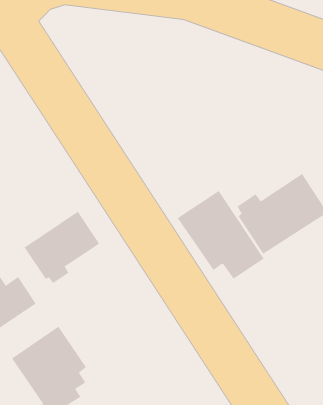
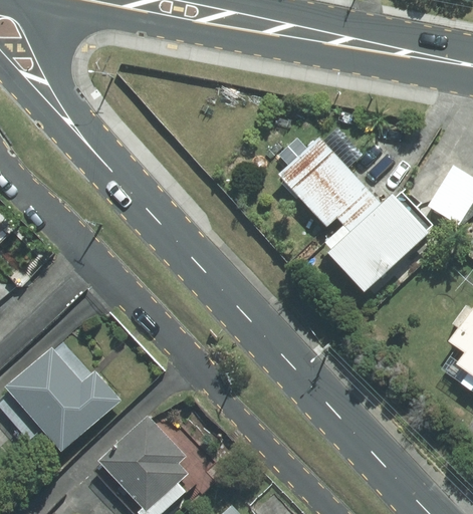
building: [177,190,264,279] -> [277,139,383,236]
building: [24,211,100,284] -> none

